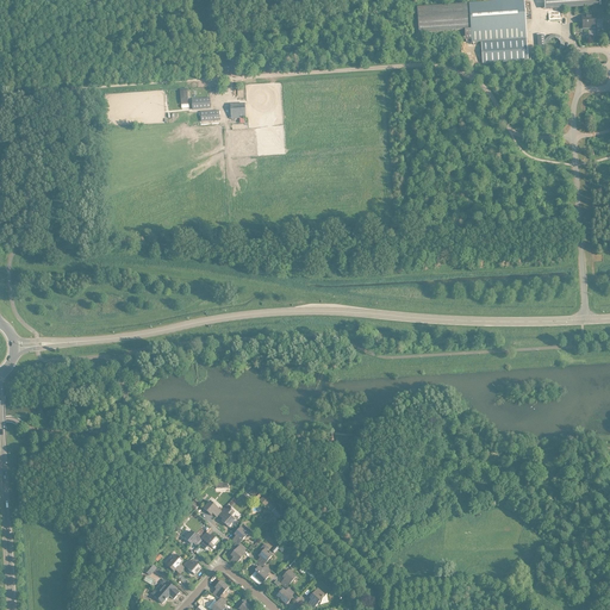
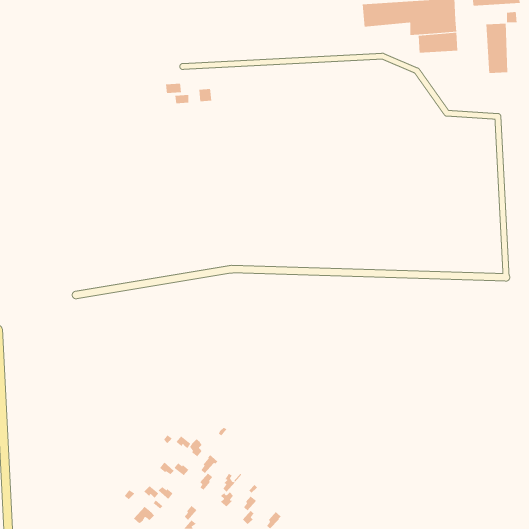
building: none -> [486,23,508,74]

